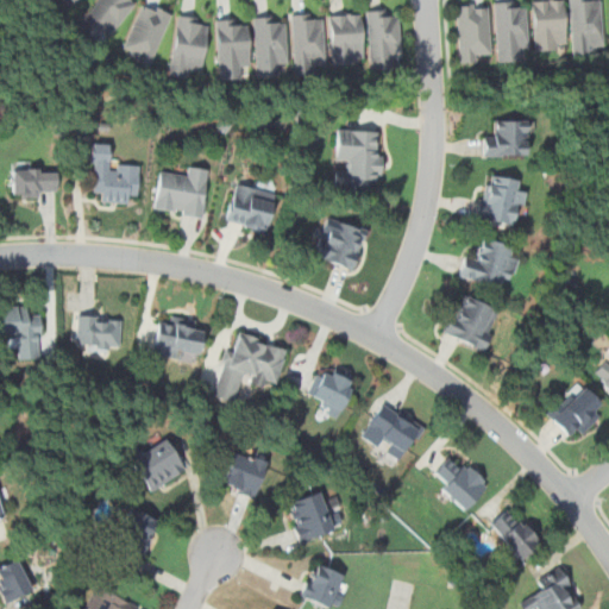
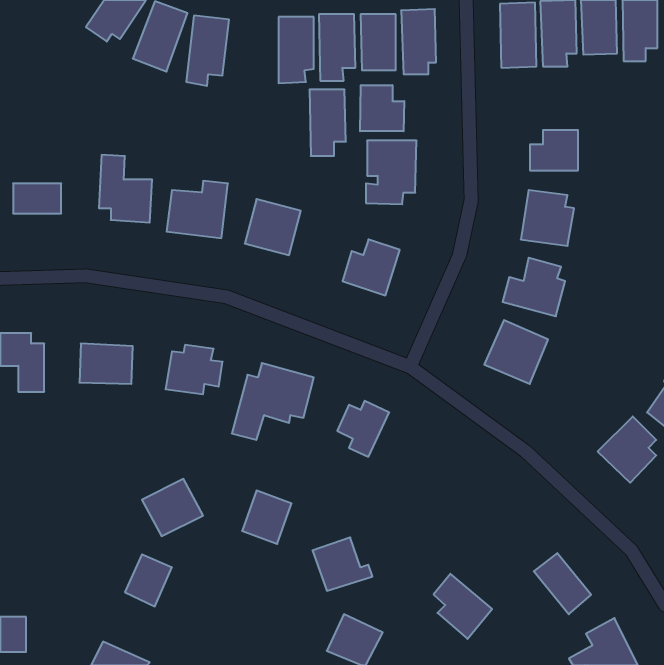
building: [218,18,251,79] -> [309,90,346,156]
building: none -> [360,85,404,131]
building: [360,401,425,460] -> none
building: [434,452,488,511] -> [434,574,492,639]

